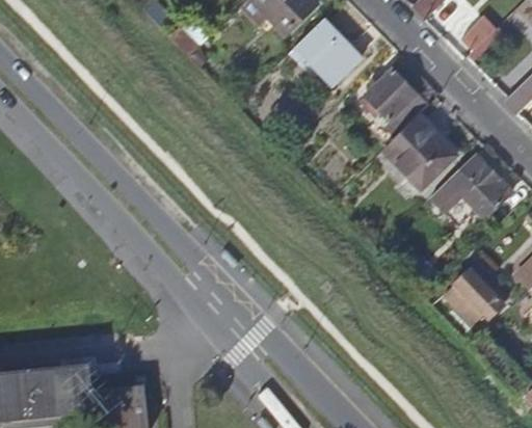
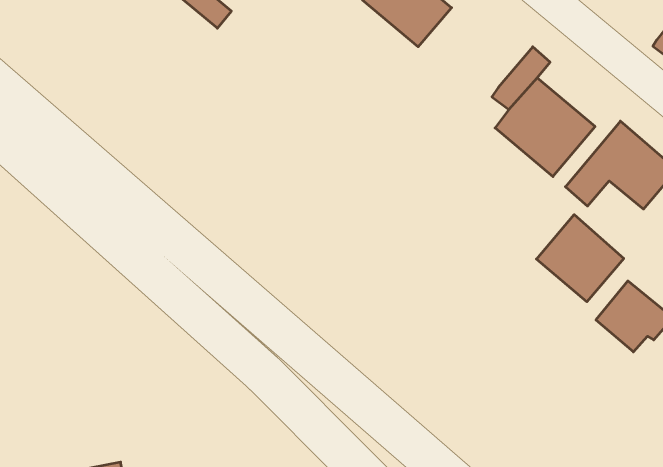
building: [363,69,418,119] -> none
building: none -> [536,215,624,302]

